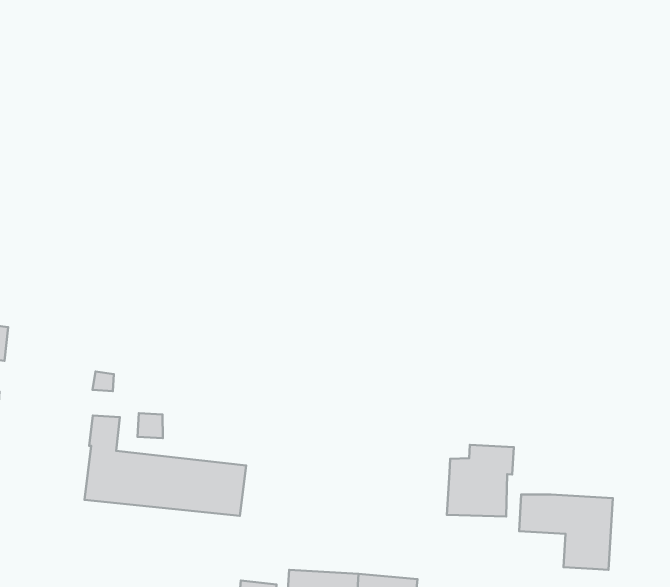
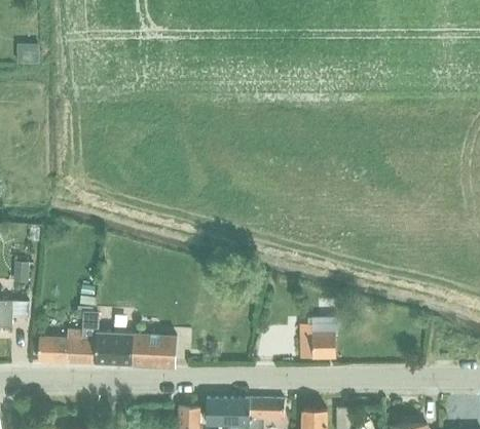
building: none -> [38,329,82,363]
building: [519,495,613,570] -> none

